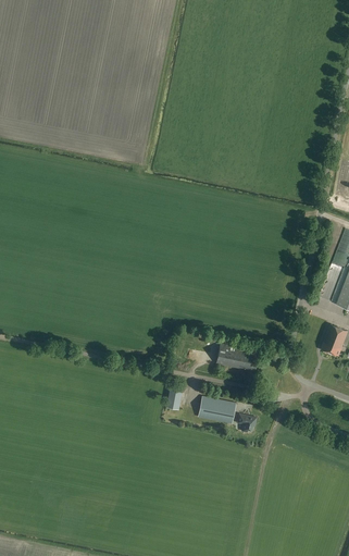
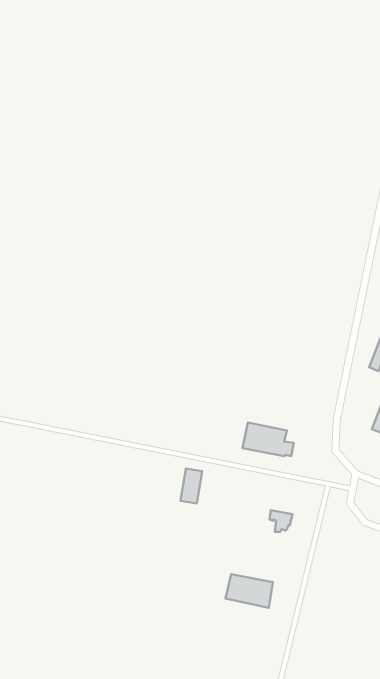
building: [197,396,235,423] -> [226,574,273,608]

